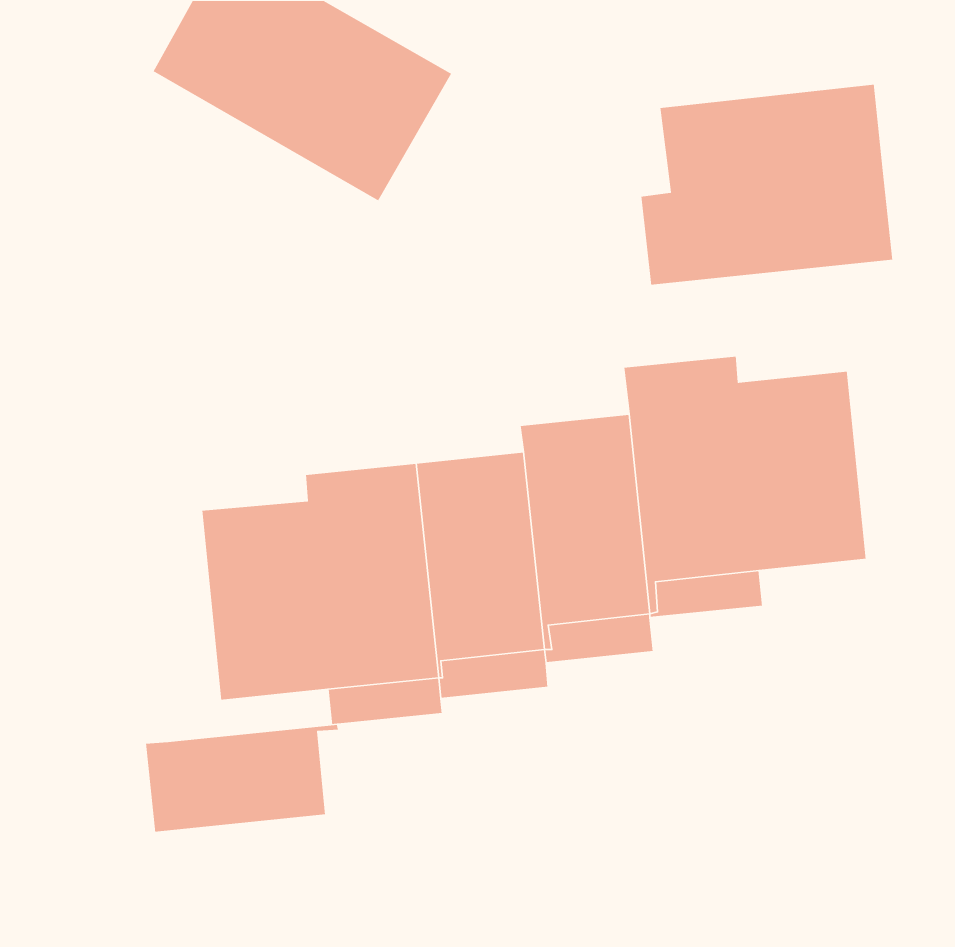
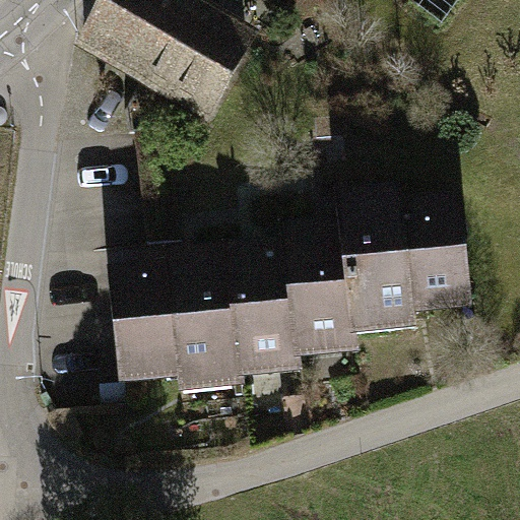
building: [641,84,893,286] -> none
building: [145,724,339,833] -> none

